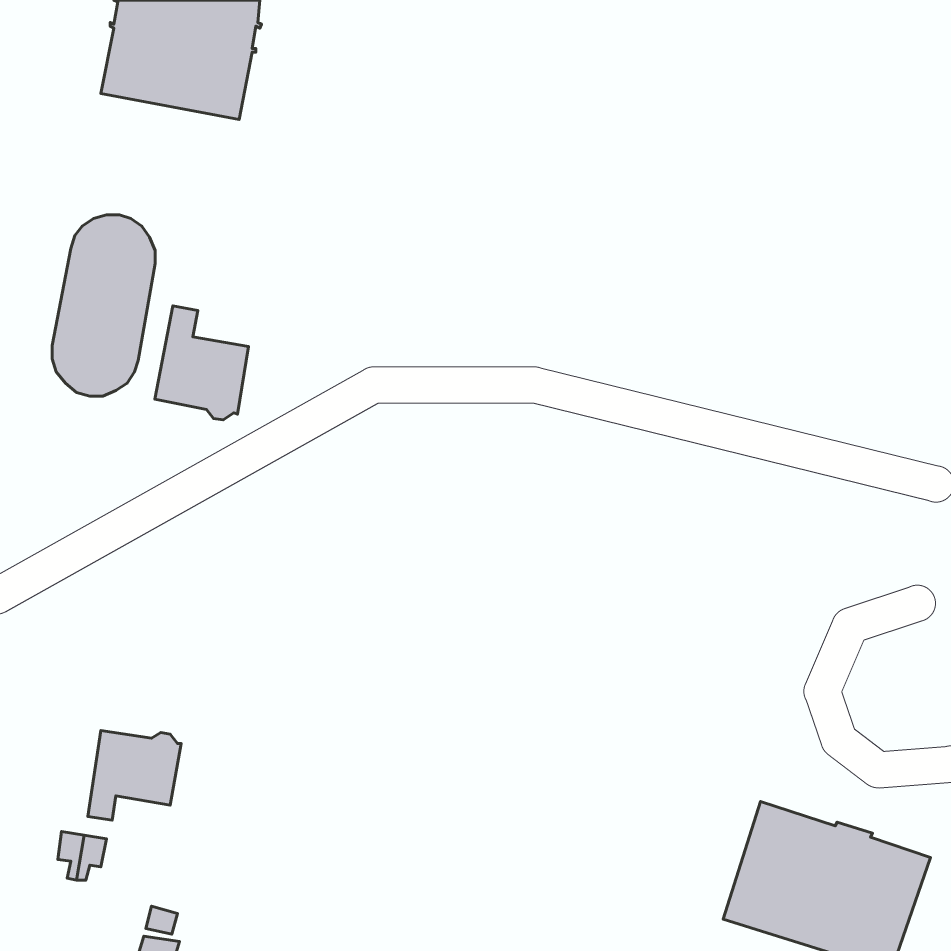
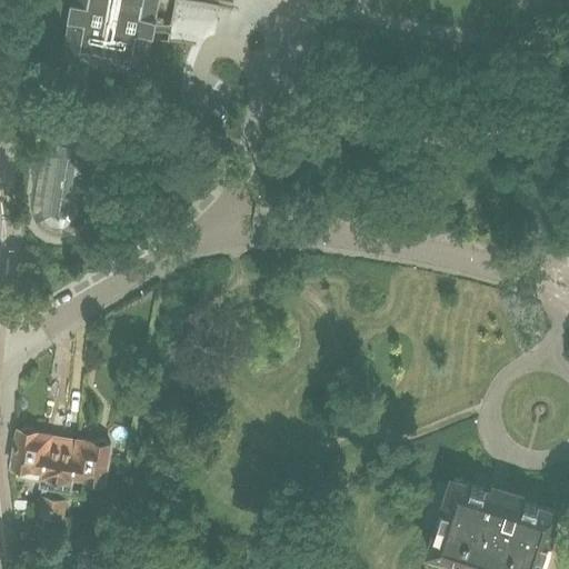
building: [155,306,249,420] -> none
building: none -> [9,426,60,488]

